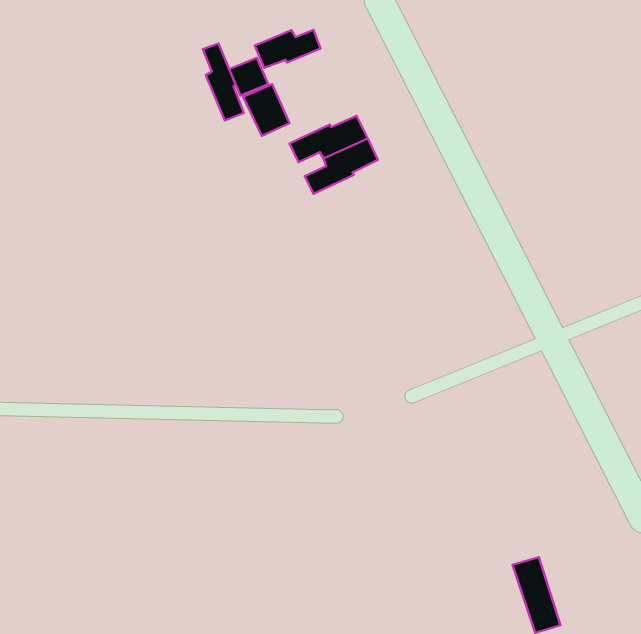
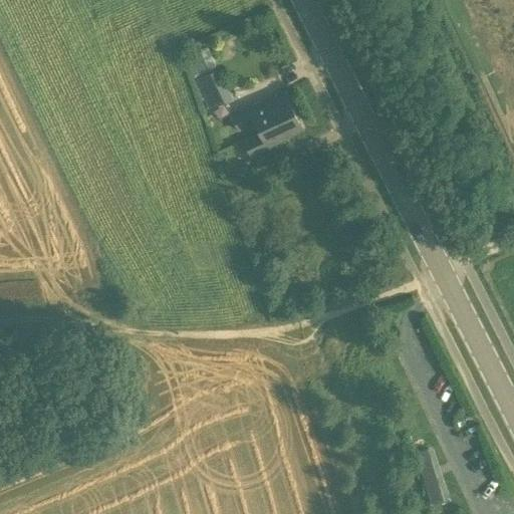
building: [255,30,321,68] -> none
building: [203,43,244,120] -> none

